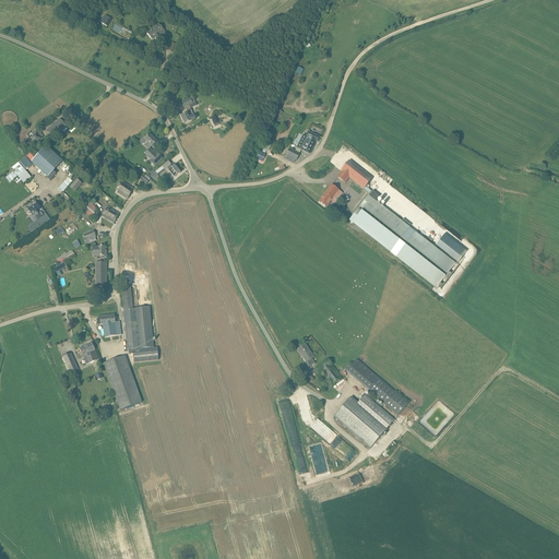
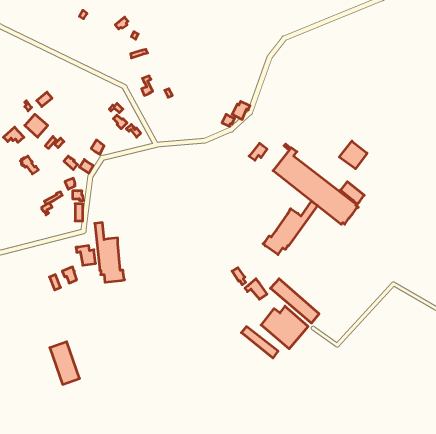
building: [337,158,372,188] -> none
building: none -> [339,141,367,169]
building: none -> [263,201,317,255]
building: [104,354,142,408] -> [50,342,80,384]

